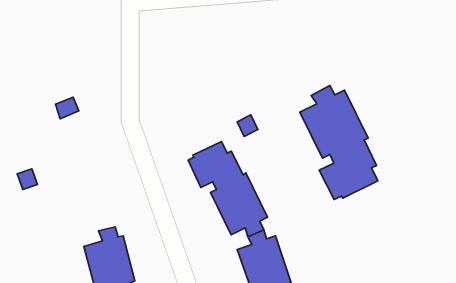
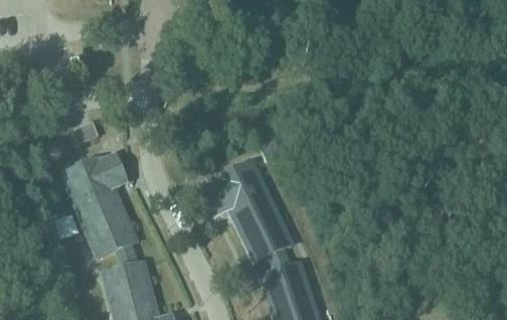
building: [300,85,378,200] -> none
building: none -> [71,156,136,257]

